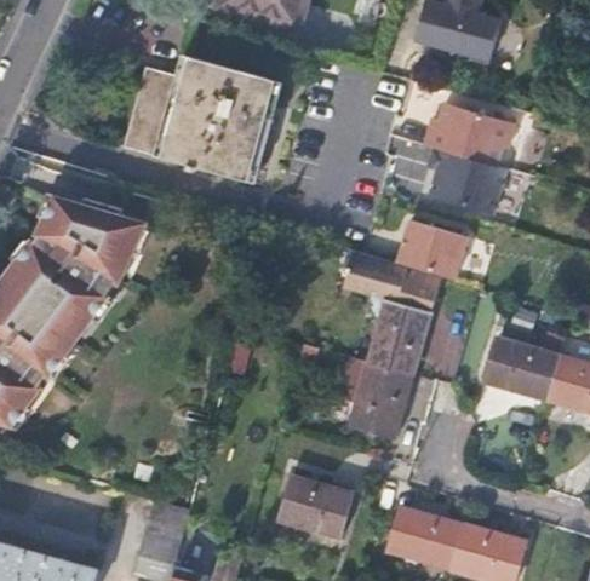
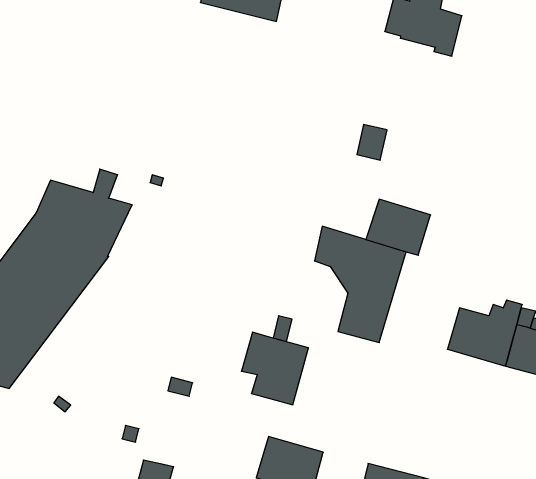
building: [126,61,273,180] -> none
building: [431,105,522,217] -> none
building: [339,357,412,436] -> [241,332,308,405]

